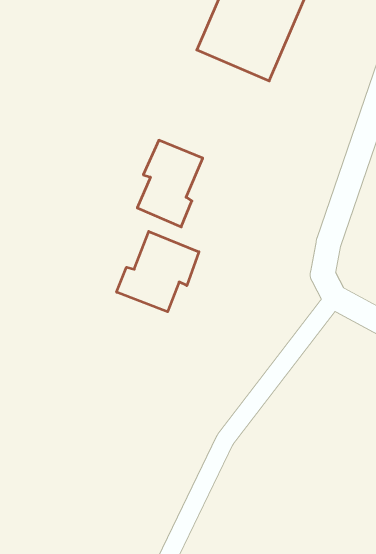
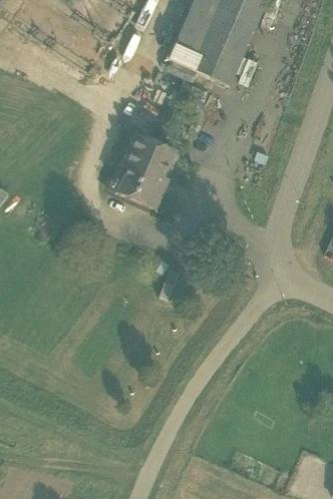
building: [117,231,199,312] -> none

